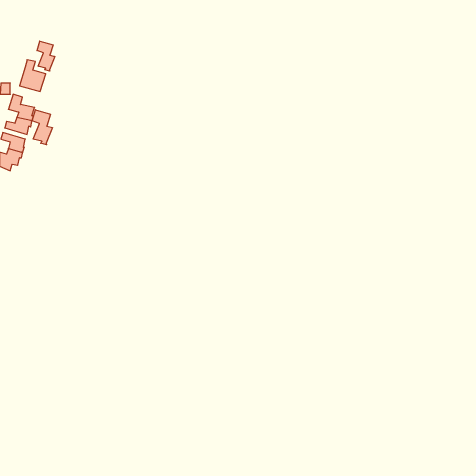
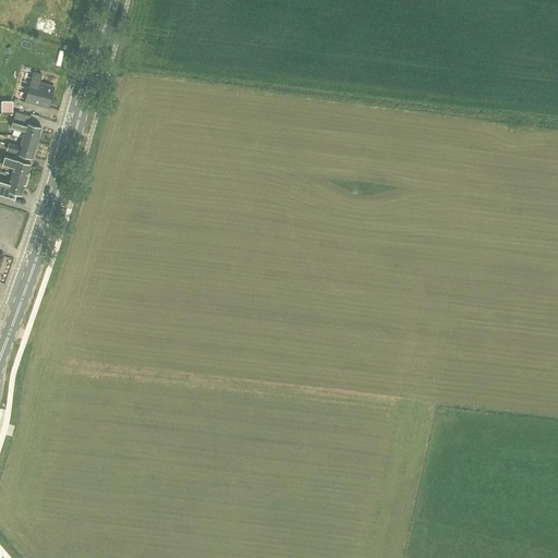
building: [37,41,55,71] -> none
building: [32,110,52,145] -> none

